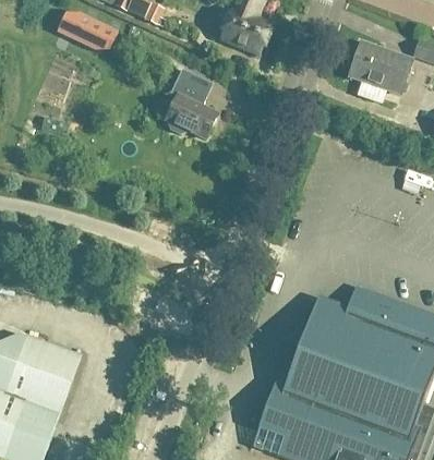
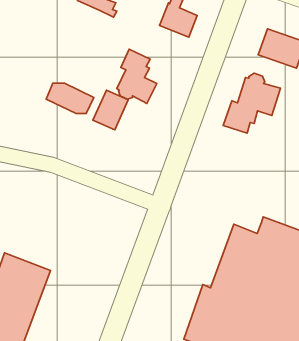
building: [56,11,118,50] -> [46,83,94,113]
building: none -> [223,73,280,133]
building: none -> [93,90,128,130]

